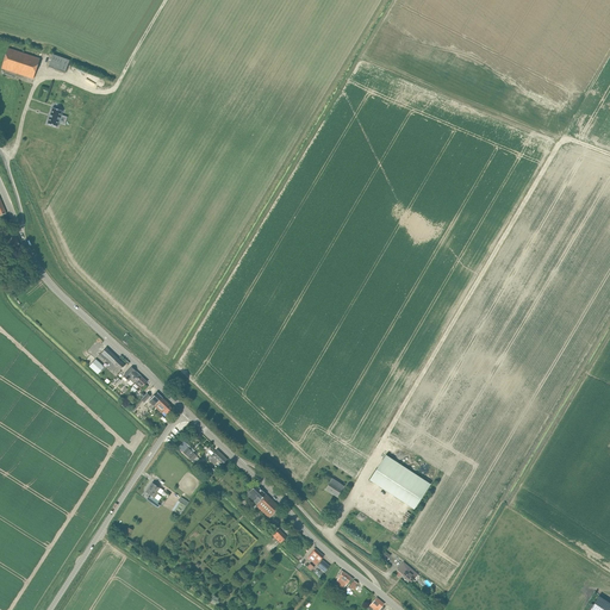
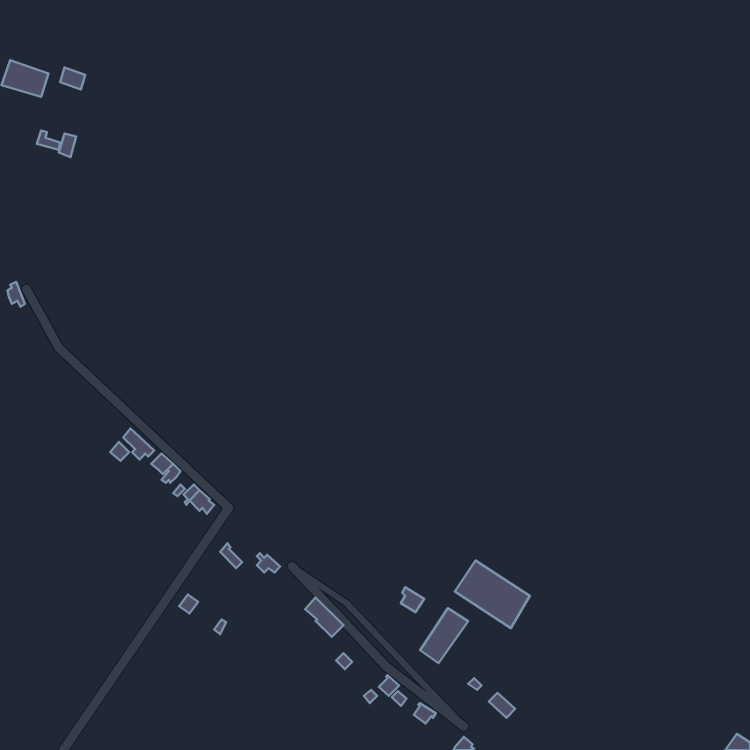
building: none -> [420,608,468,663]

